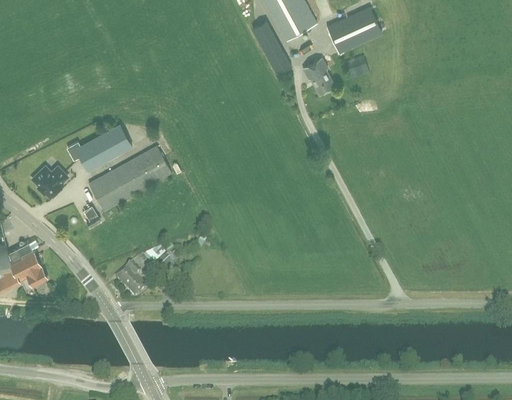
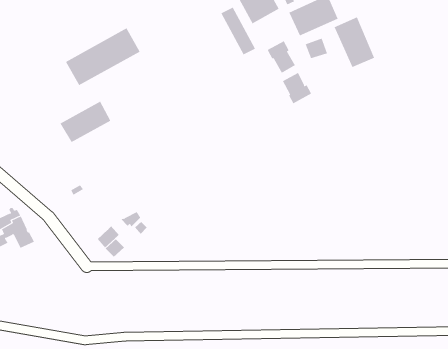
building: none -> [334,17,375,68]
building: none -> [282,72,312,104]
building: [88,146,171,210] -> [65,27,141,86]
building: [29,164,69,198] -> none

